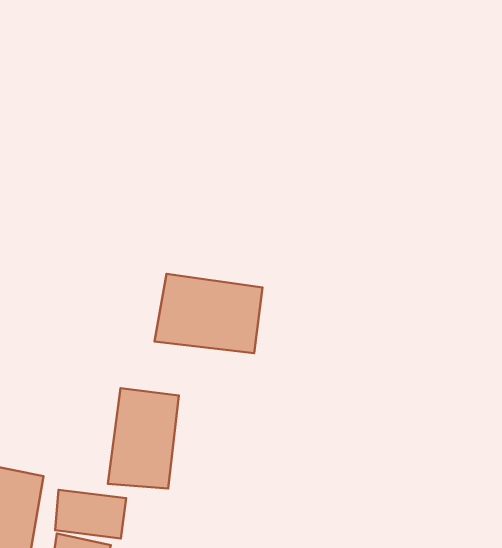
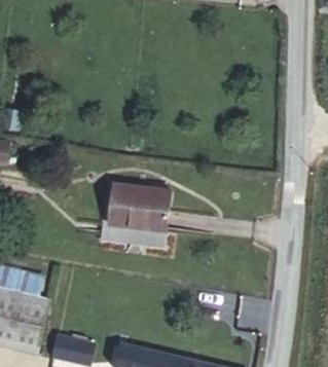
building: [108,388,179,488] -> none

